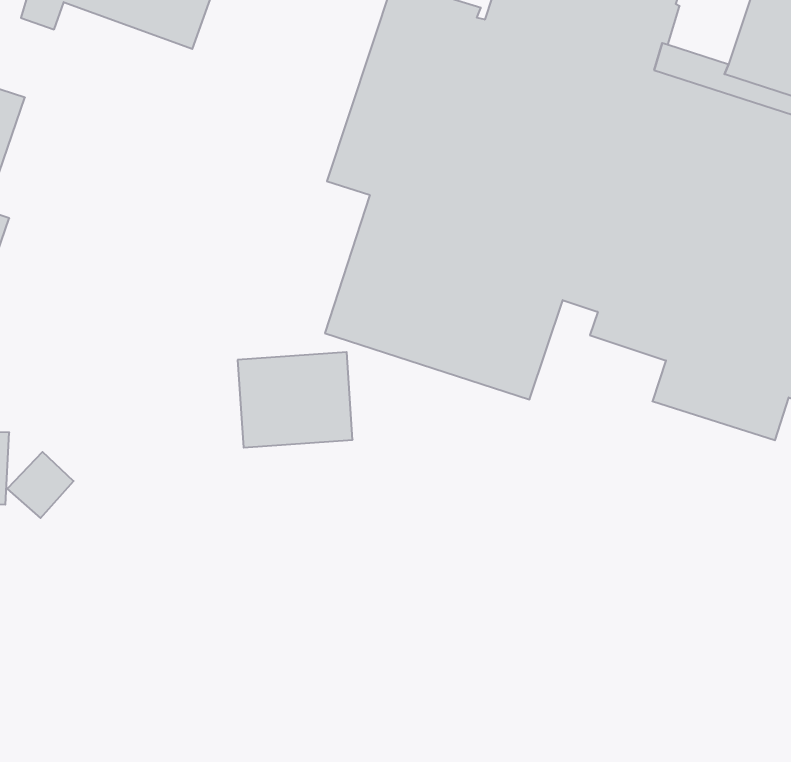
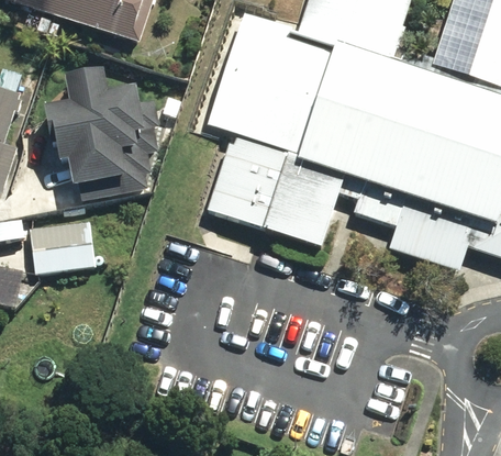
building: none -> [44,68,159,201]
building: [238,352,353,448] -> [37,216,102,270]

